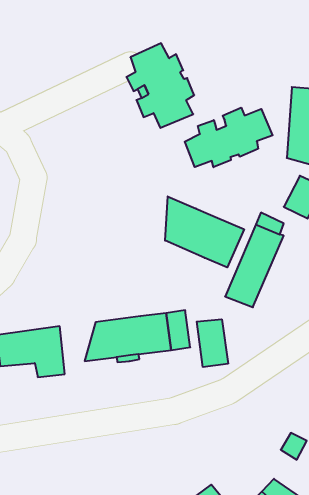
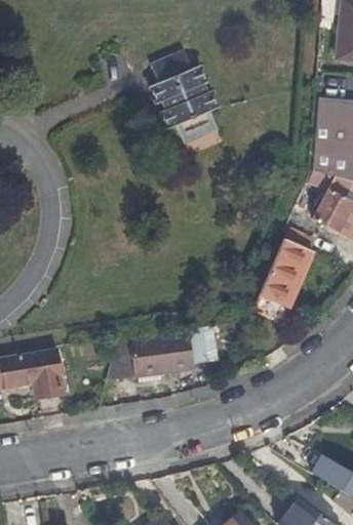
building: [185,108,273,167] -> none
building: [165,196,244,267] -> none
building: [197,319,228,367] -> none

